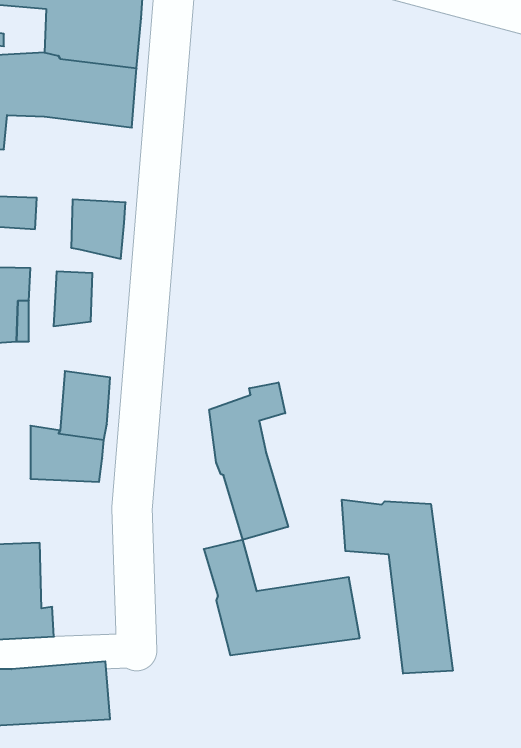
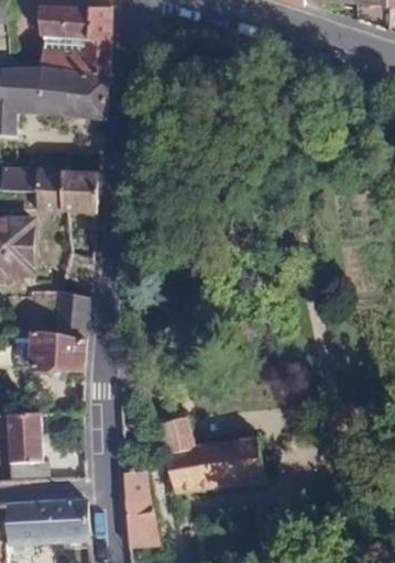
building: [53,271,92,326] -> [35,169,63,208]
building: [209,382,288,540] -> none
building: [342,500,453,674] -> none
building: none -> [124,470,161,547]

